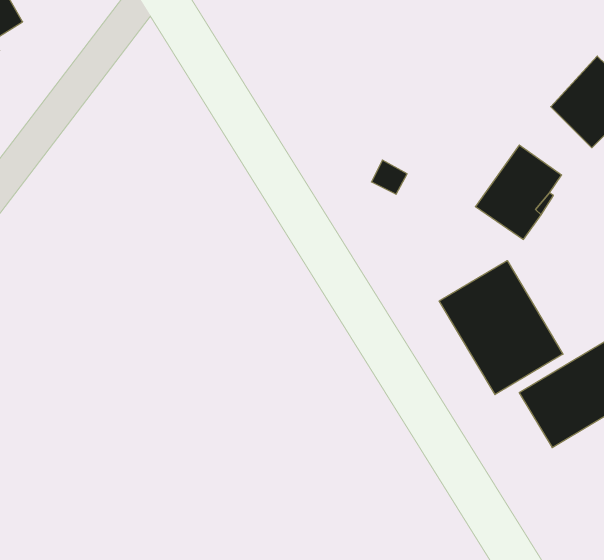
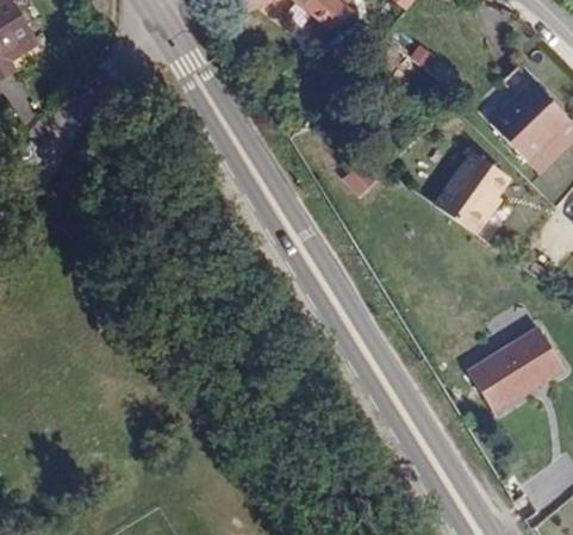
building: [439,261,563,395] -> none

